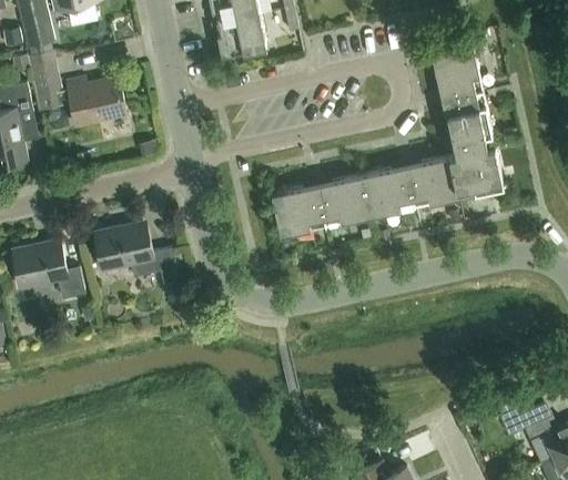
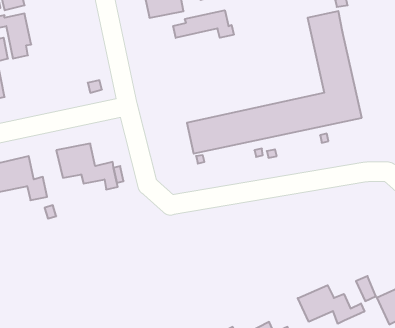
building: none -> [173,10,234,38]
building: [67,78,126,123] -> none
building: none -> [298,285,364,324]

